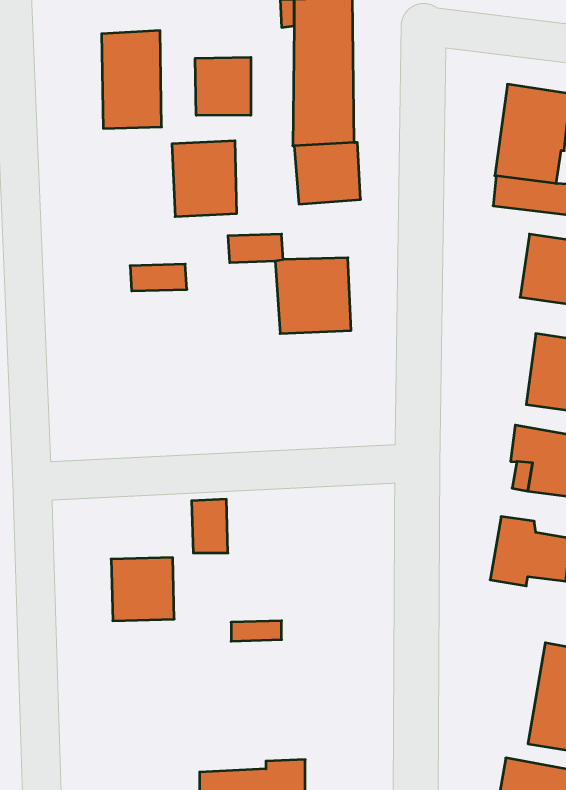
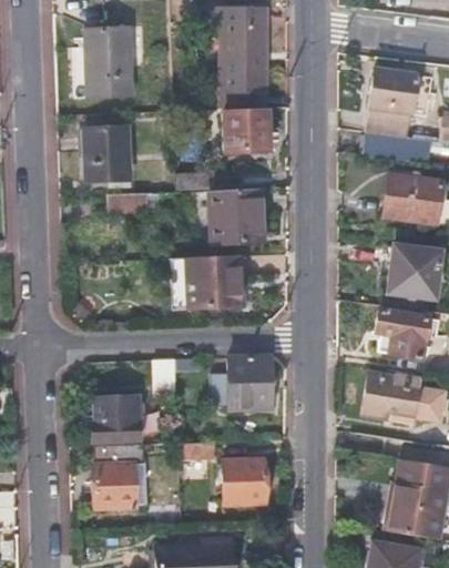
building: [195,57,251,115] -> none
building: [172,141,237,217] -> [85,128,131,181]
building: none -> [176,255,247,307]
building: none -> [214,355,271,409]
building: none -> [95,447,147,511]
building: none -> [223,459,264,504]

